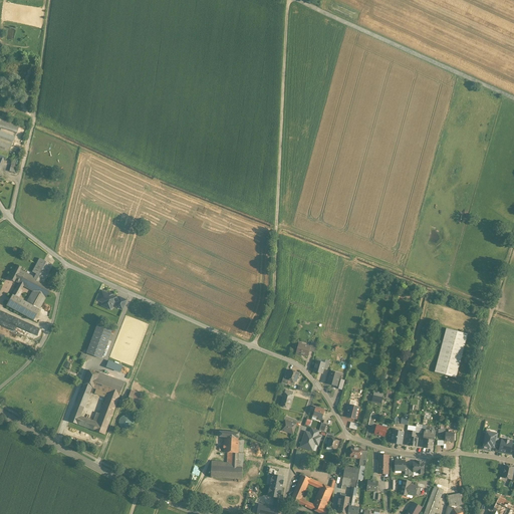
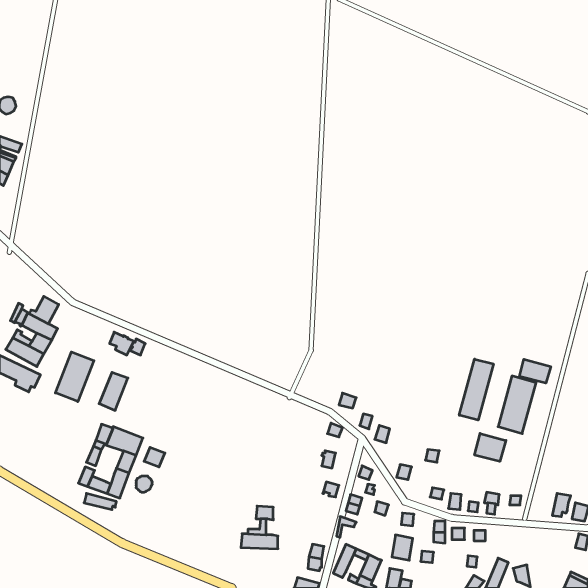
building: none -> [55,352,94,402]
building: none -> [459,359,493,420]
building: none -> [520,359,551,383]
building: none -> [475,433,506,461]

